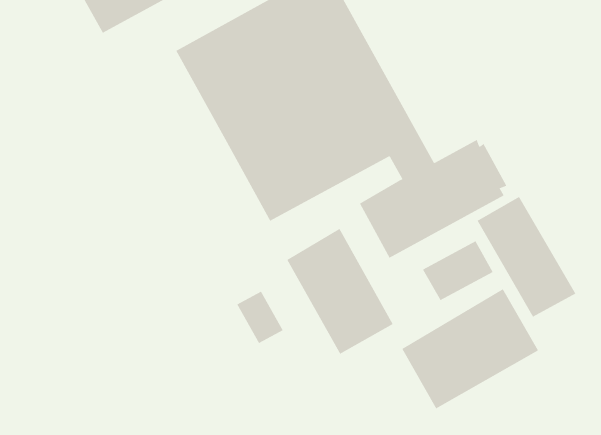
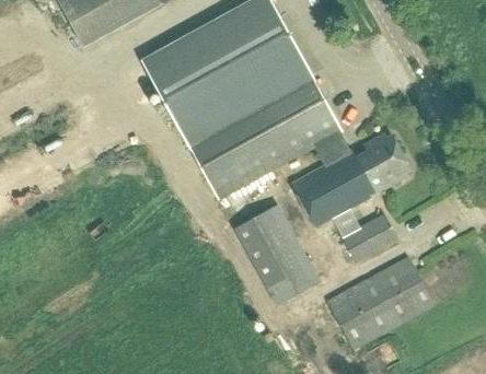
building: [477,196,576,318] -> none
building: [237,291,283,344] -> none

